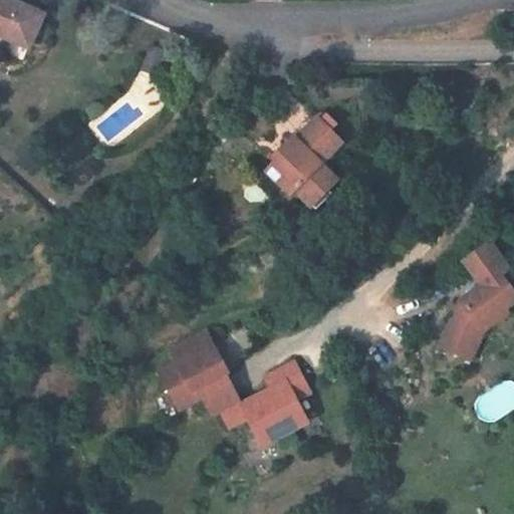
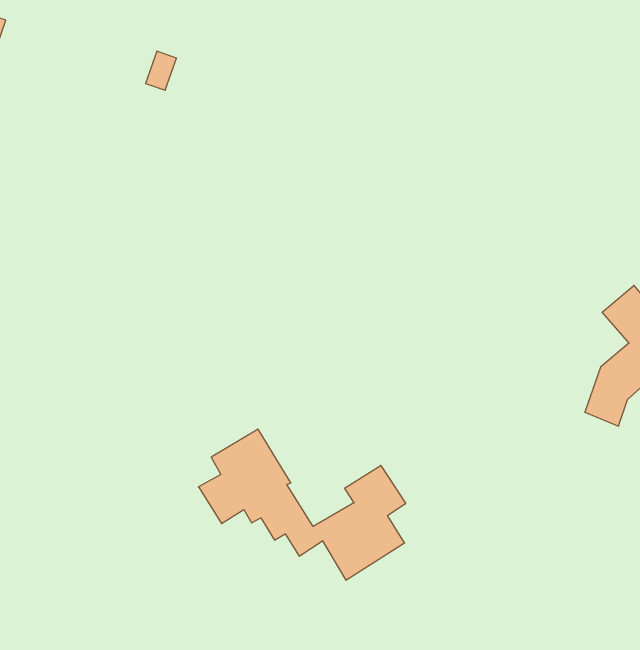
building: [267,119,339,210] -> none

